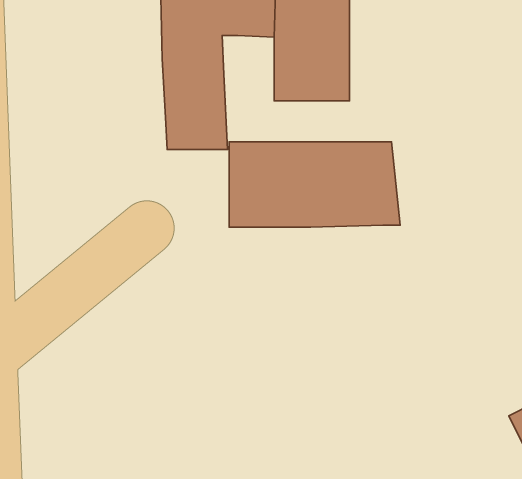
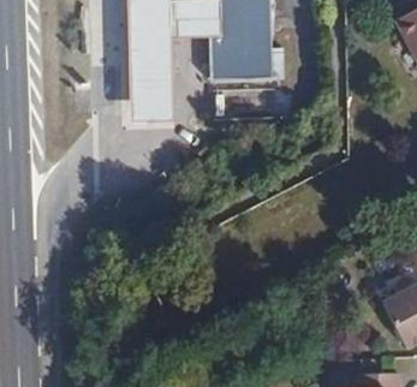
building: [229,142,400,227] -> none

